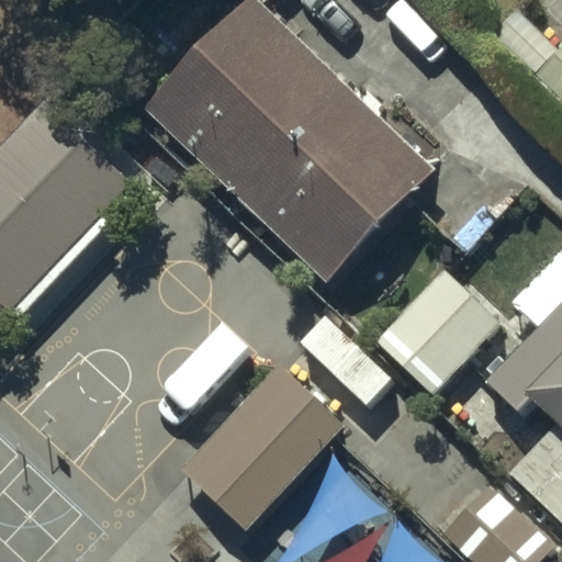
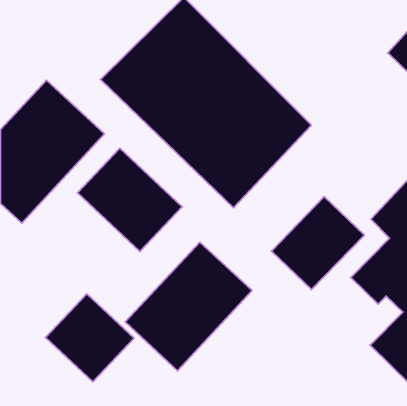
building: none -> [77,148,182,252]
building: none -> [45,294,134,382]

